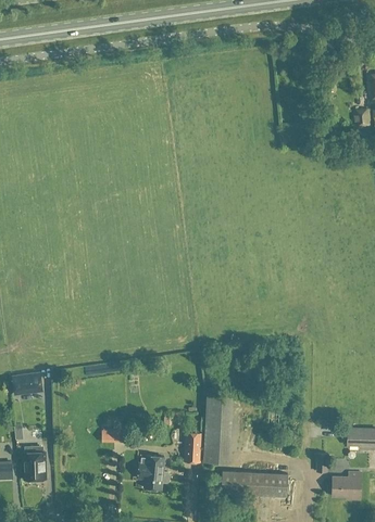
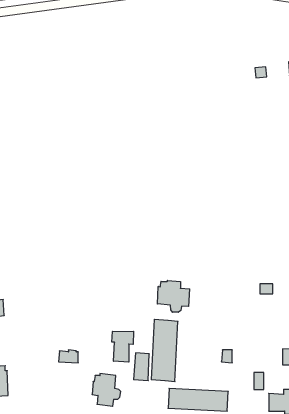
building: none -> [157,280,190,312]
building: none -> [112,331,134,362]

